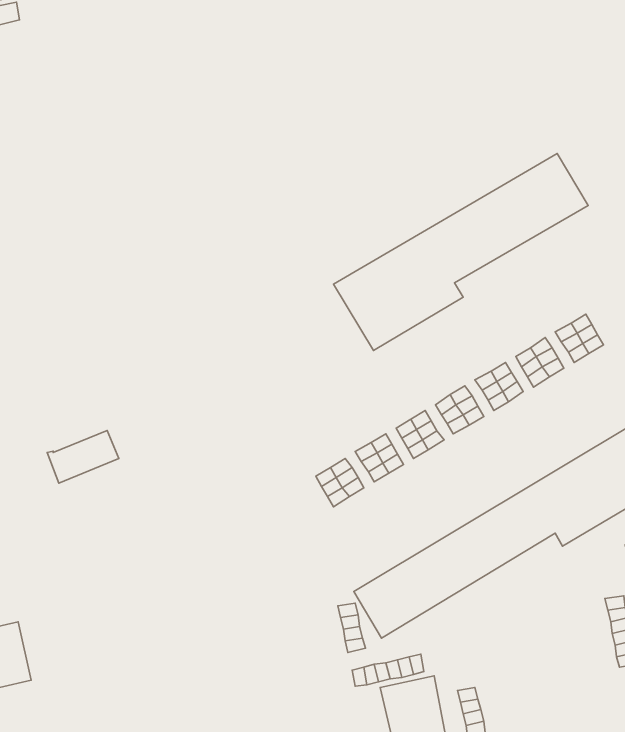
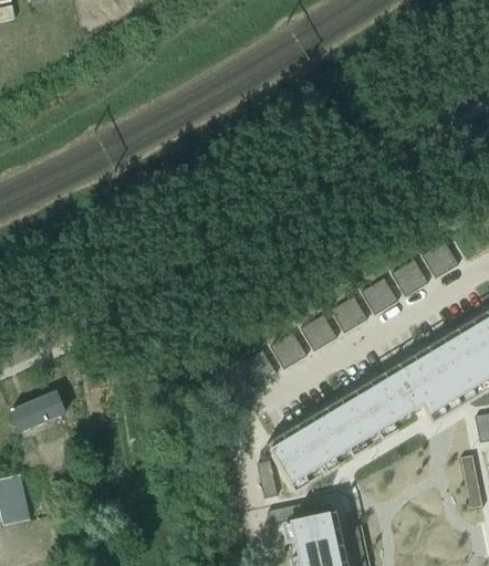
building: [334,154,588,350] -> none
building: [47,431,119,483] -> [11,390,65,430]

